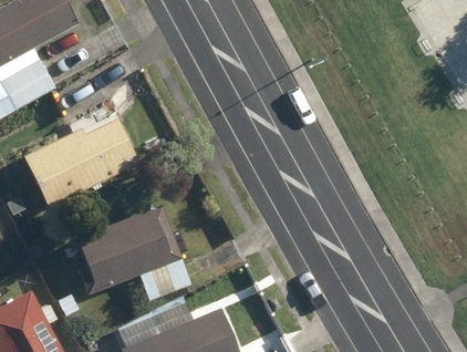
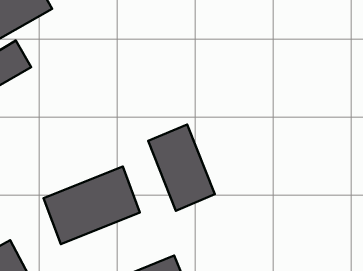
building: [24,117,138,206] -> none
building: none -> [148,124,215,211]

